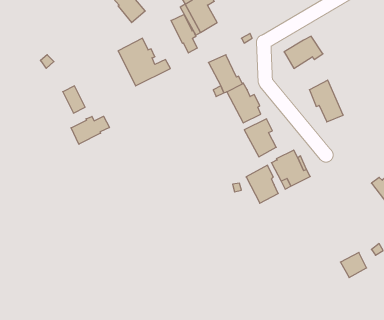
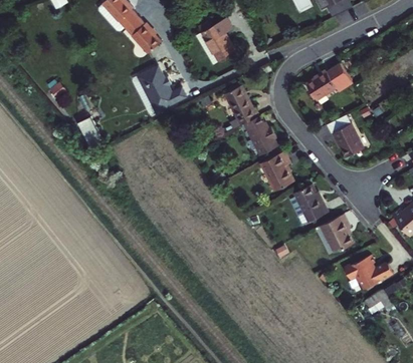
building: [171,14,197,53] -> none
building: [71,116,109,144] -> none
building: [246,165,278,203] -> [324,214,357,253]
building: none -> [344,257,392,290]

